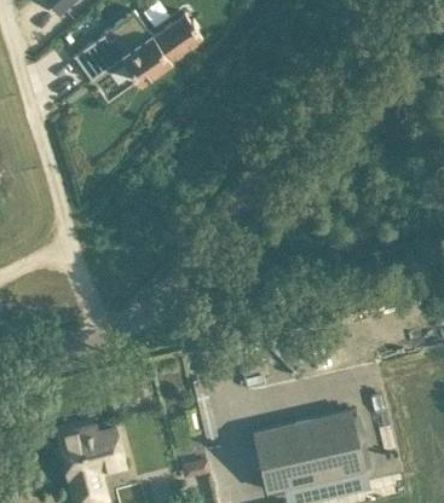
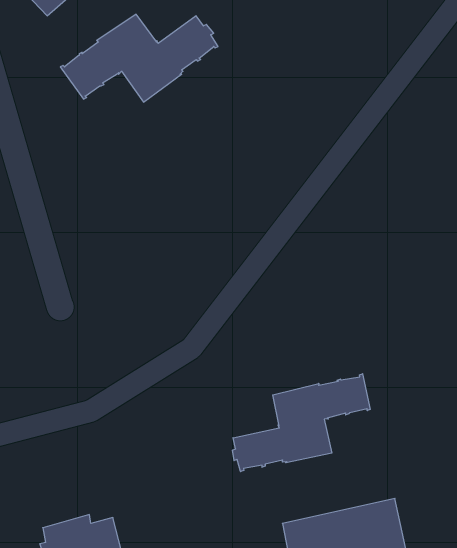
building: none -> [233,374,370,472]

